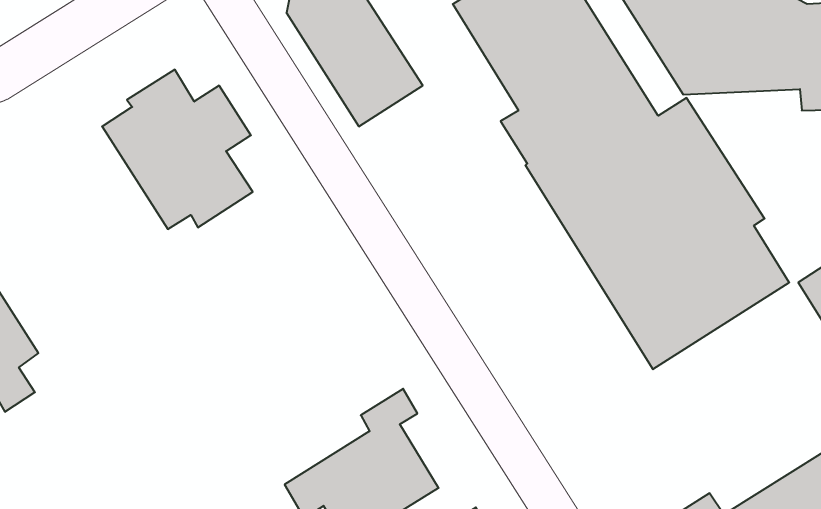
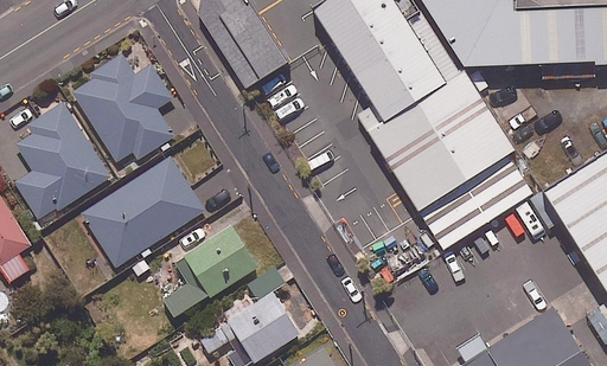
building: none -> [17,102,110,219]
building: none -> [78,155,205,268]
building: none -> [164,223,257,317]

